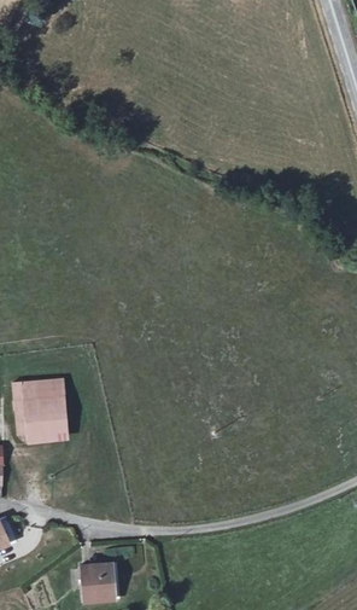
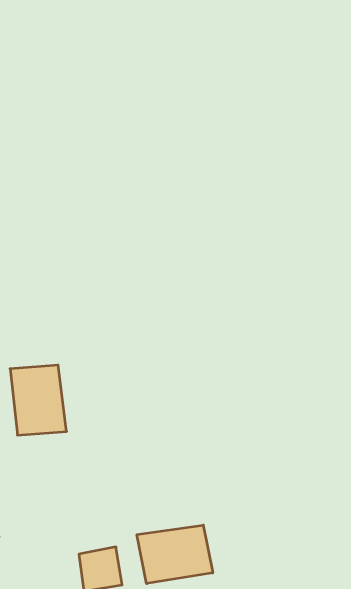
building: none -> [137,525,213,584]

